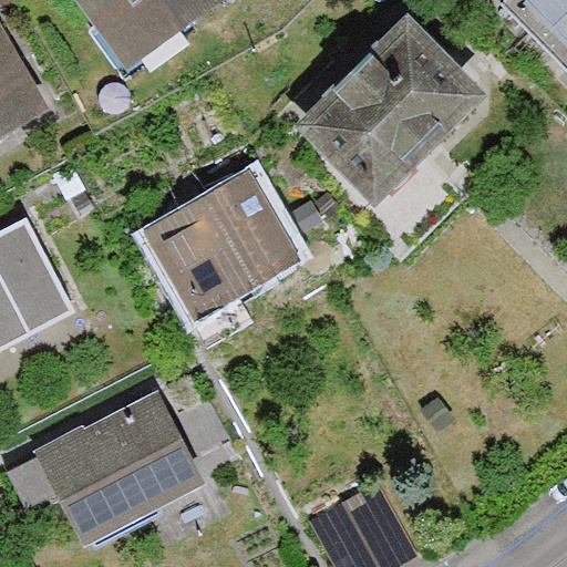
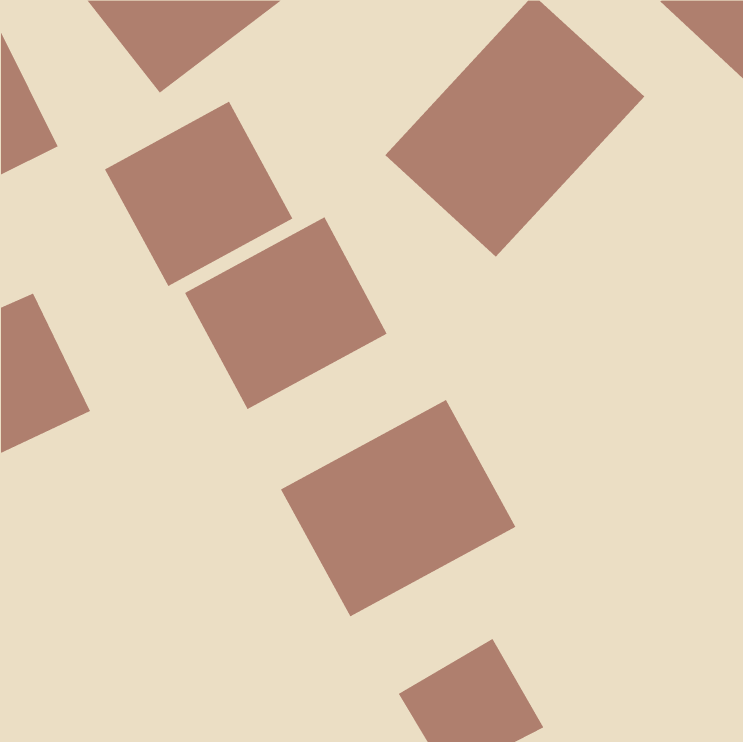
building: none -> [104,101,293,287]
building: none -> [280,399,516,617]
building: [32,389,207,545] -> none

